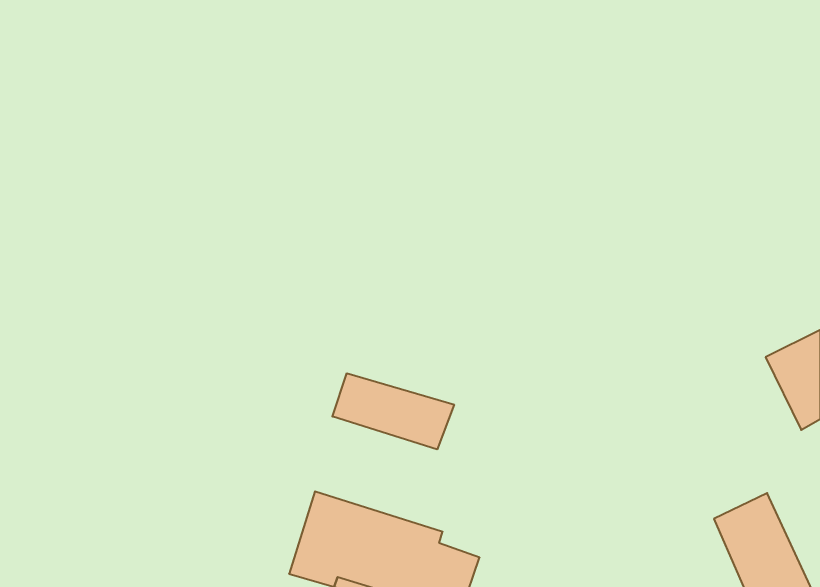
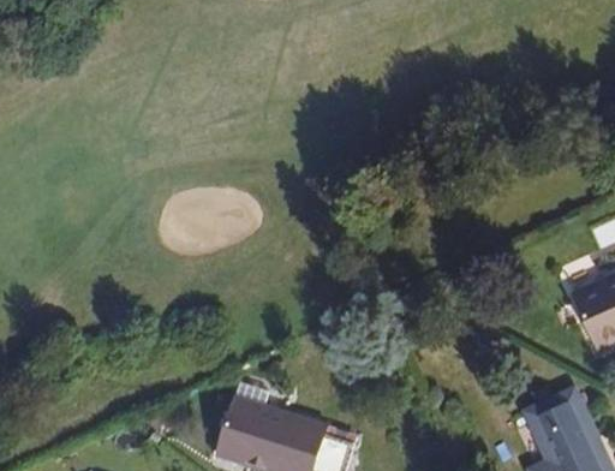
building: [332,373,454,449] -> none

